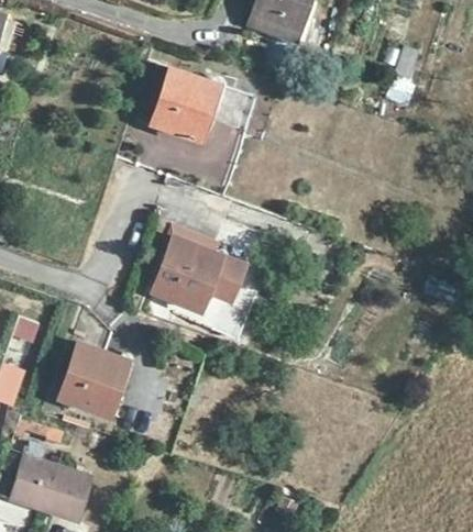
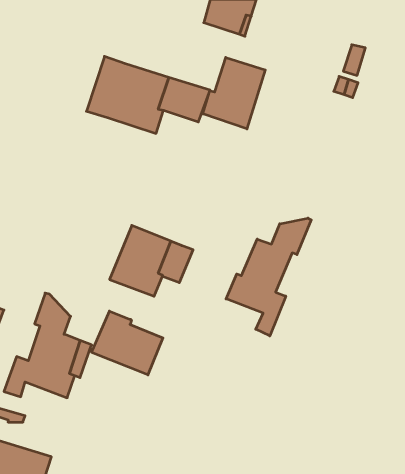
building: none -> [203,57,265,129]
building: none -> [226,218,311,336]
building: none -> [92,311,163,375]

